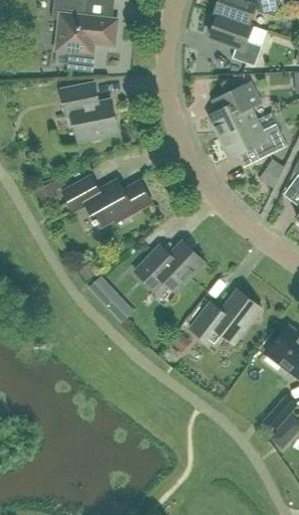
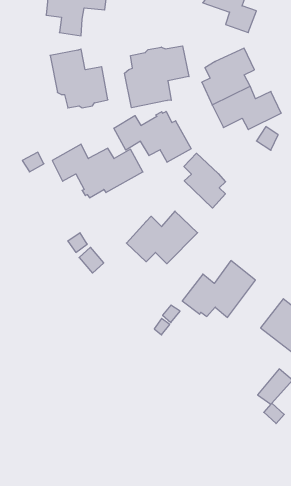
building: none -> [125,46,189,108]
building: none -> [114,111,191,162]
building: none -> [184,153,226,208]

